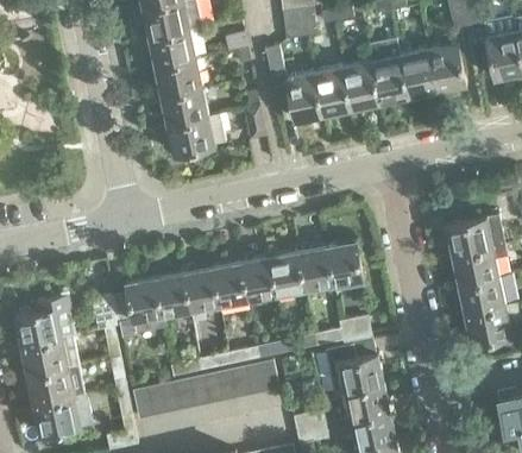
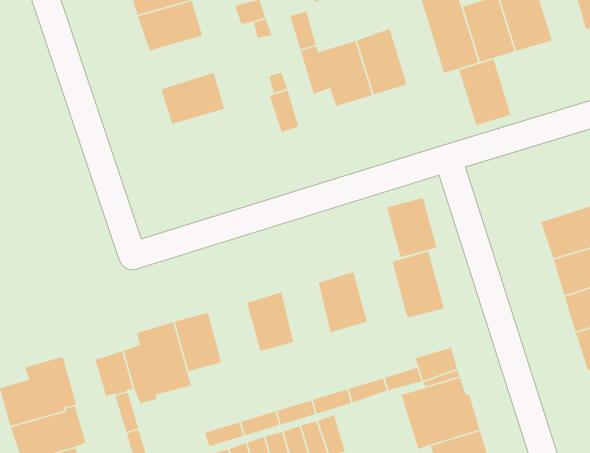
building: [156,58,205,96] -> none
building: [344,59,382,111] -> [458,58,512,126]
building: [168,114,227,156] -> none
building: [298,246,335,291] -> [386,197,437,258]
building: [241,257,276,302] -> none
building: [183,268,220,322] -> none

